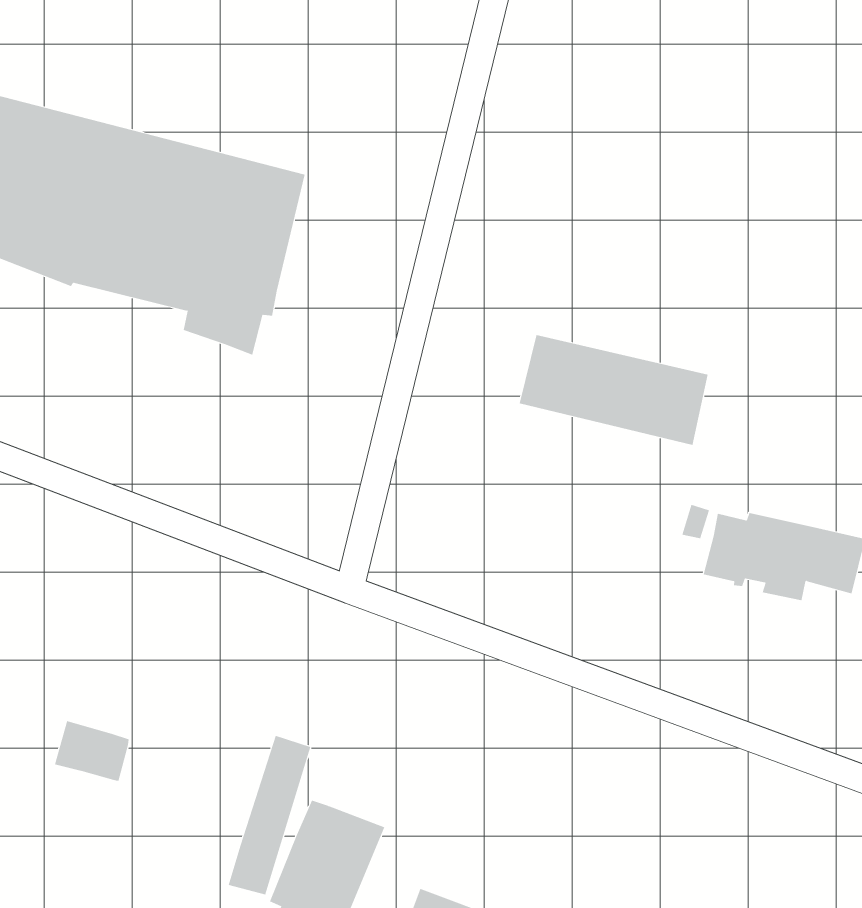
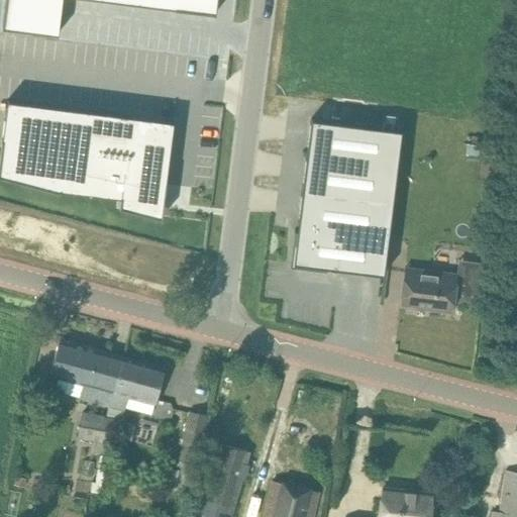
building: none -> [302,119,402,203]
building: none -> [291,228,389,277]
building: none -> [50,341,166,412]

